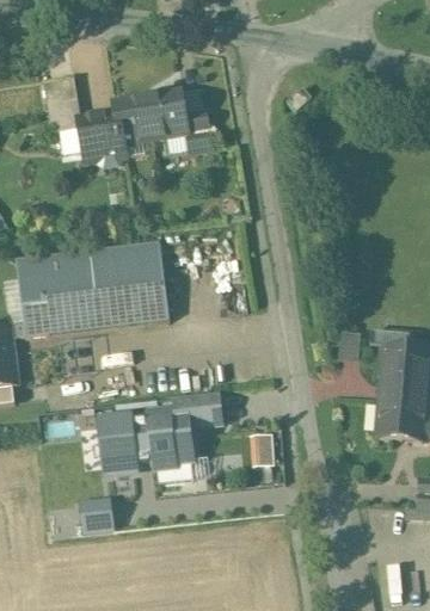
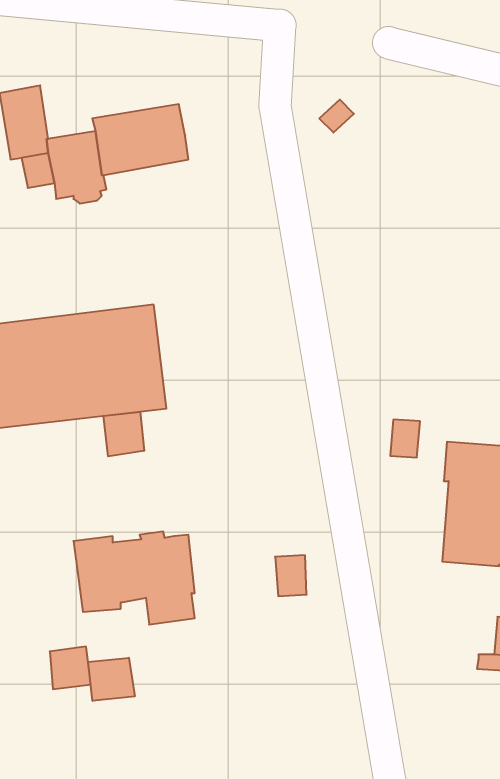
building: [185,109,213,150] -> none
building: none -> [104,412,144,456]
building: [176,390,221,426] -> none
building: none -> [88,658,135,701]

